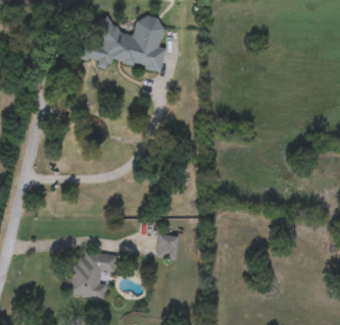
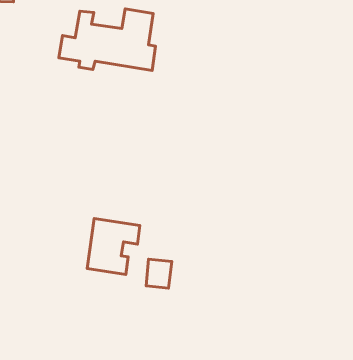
building: [70,250,116,299] -> [87,219,140,274]

